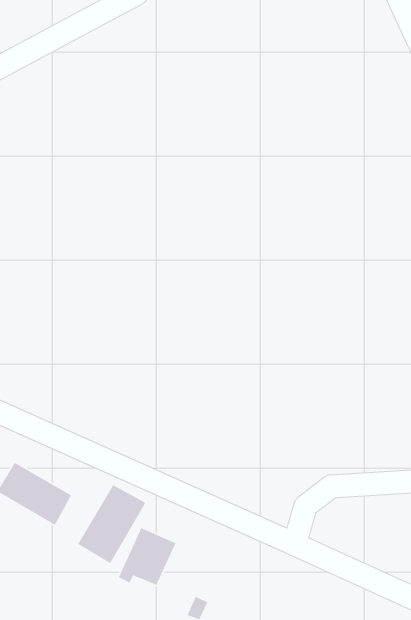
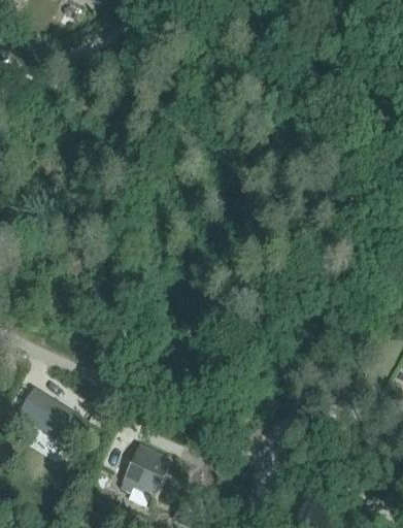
building: [77,484,147,564] -> none

